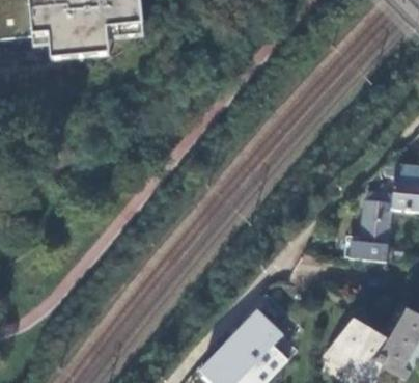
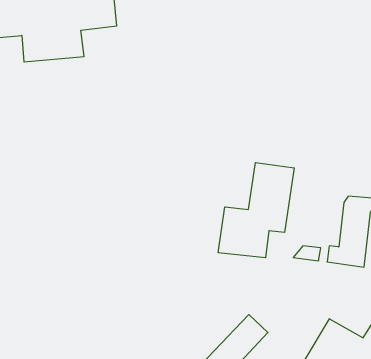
building: none -> [218,163,294,258]

